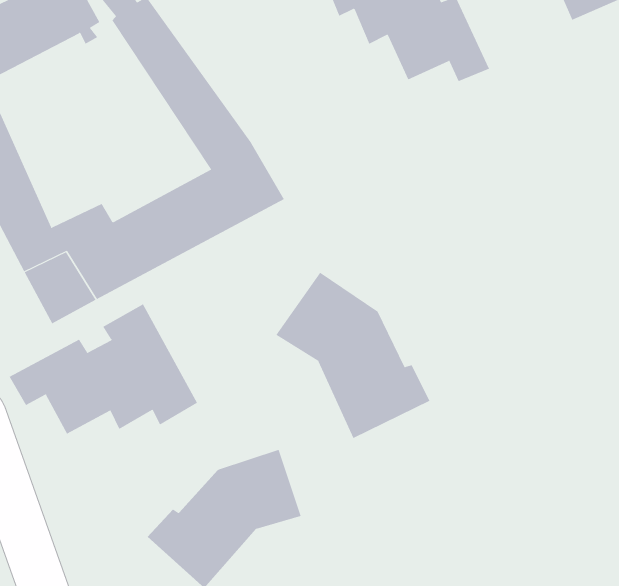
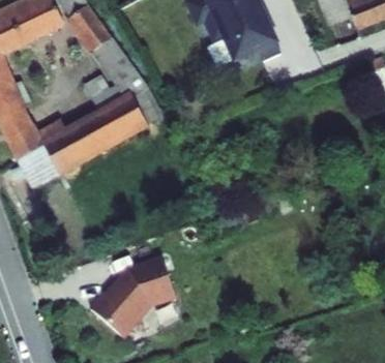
building: [276,272,430,439] -> none
building: [9,304,198,434] -> none

